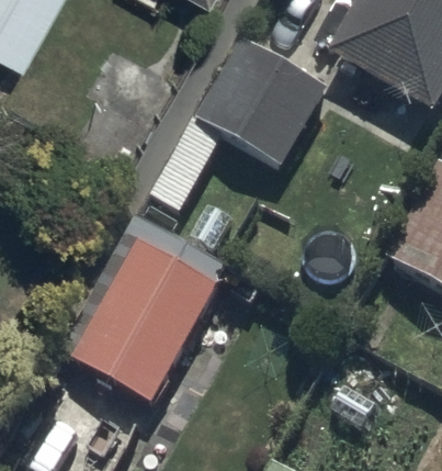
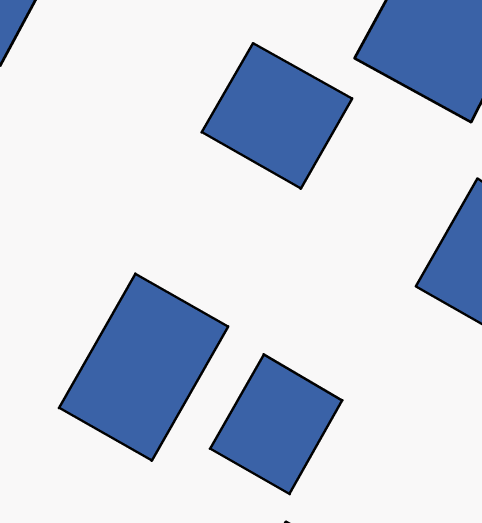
building: none -> [210,354,342,494]

